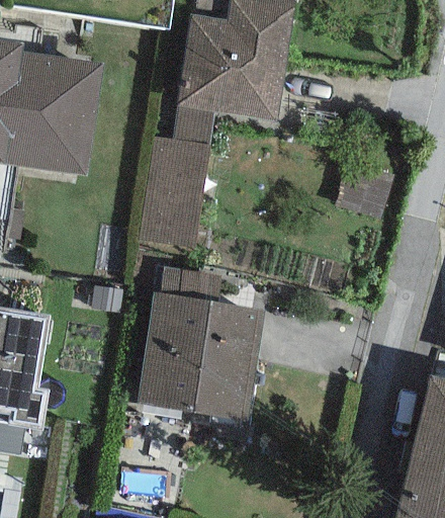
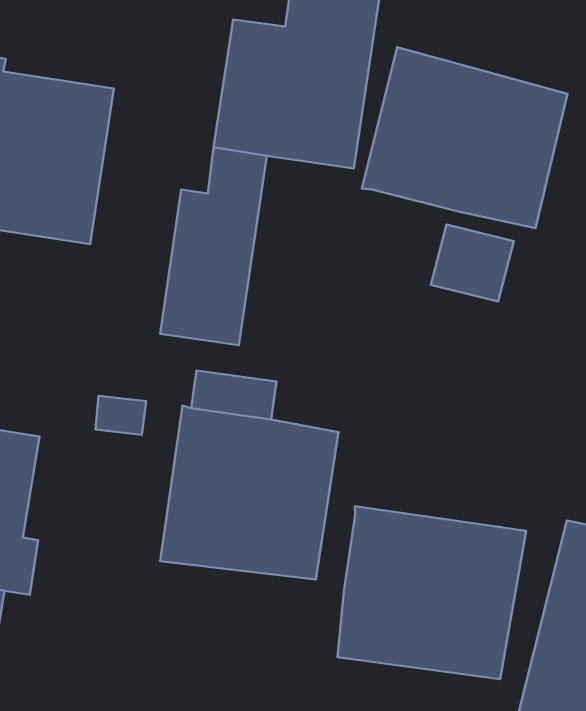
building: none -> [362,47,568,228]
building: none -> [338,506,526,679]

